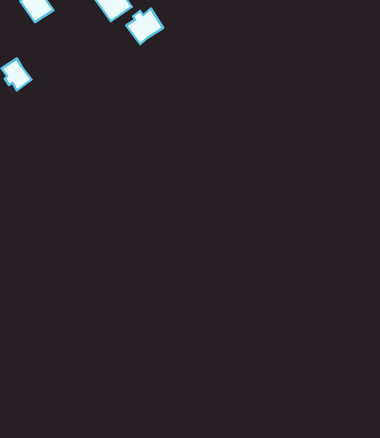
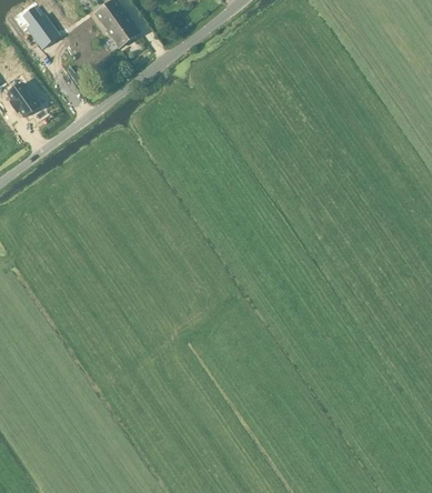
building: [126,9,163,44] -> none

